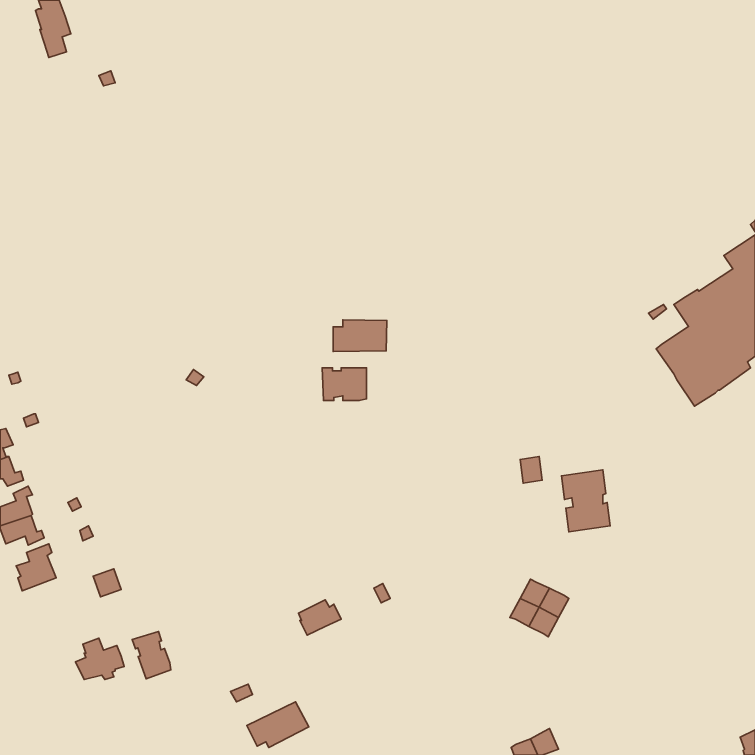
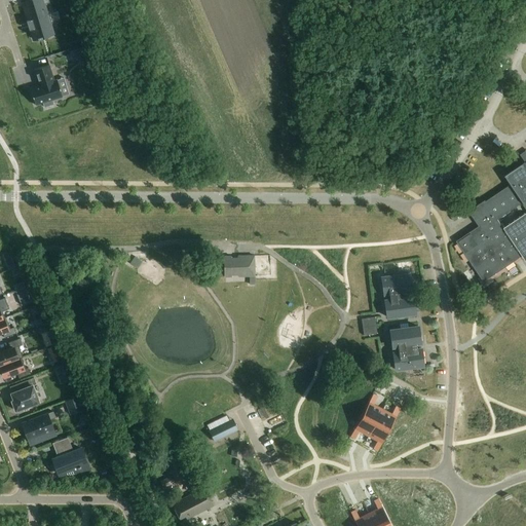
building: none -> [30,65,62,107]
building: [333,320,387,351] -> none
building: none -> [381,274,416,317]
building: none -> [23,412,55,441]
building: [132,632,171,679] -> none

